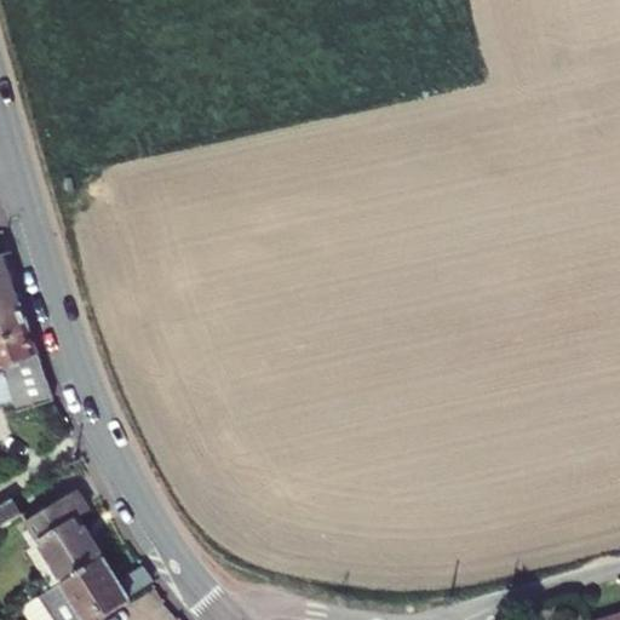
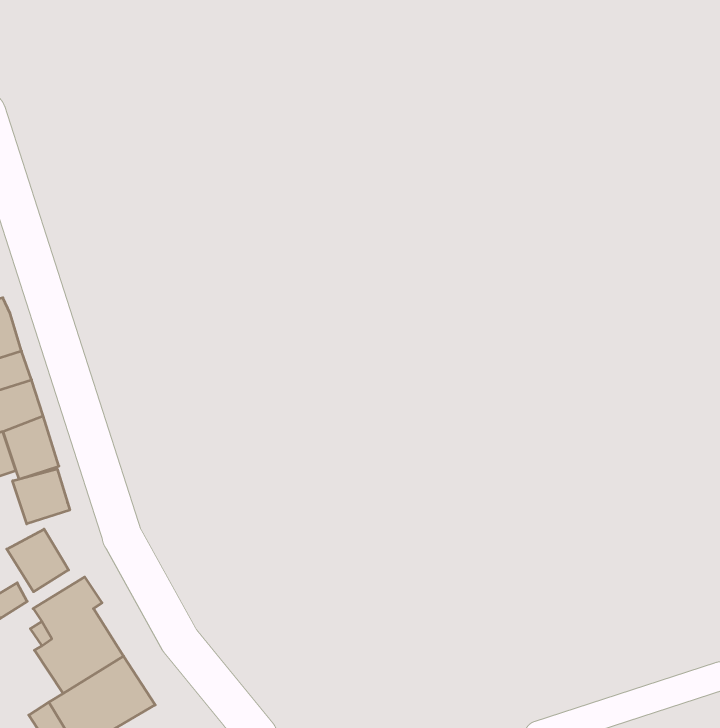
building: none -> [13,469,70,524]
building: none -> [7,529,69,592]

